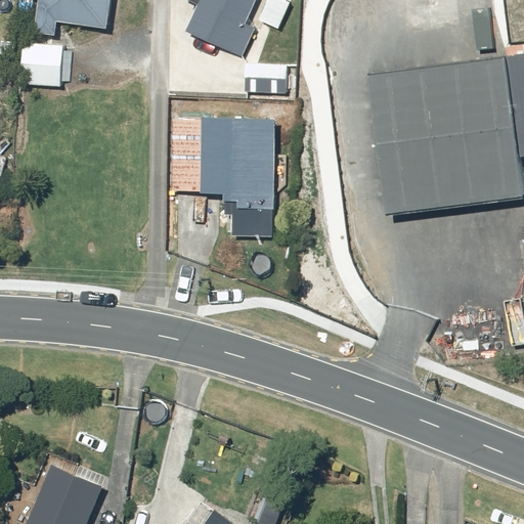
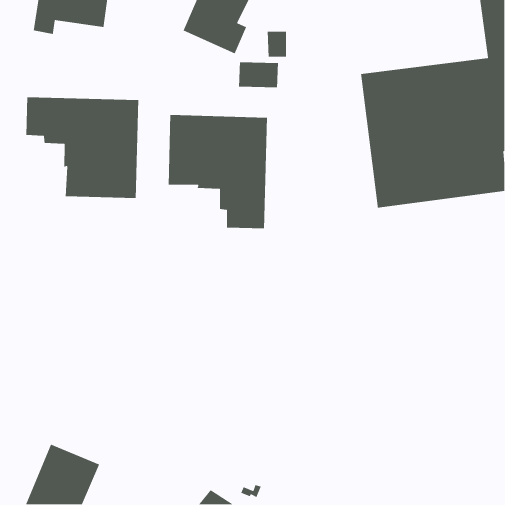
building: [20,42,63,86] -> none
building: none -> [25,96,139,199]

